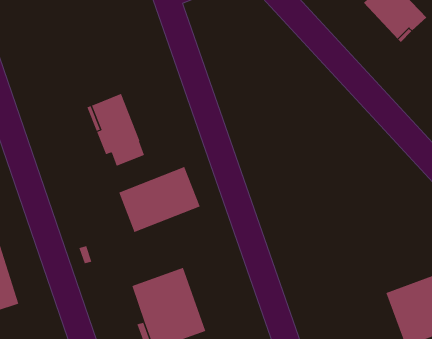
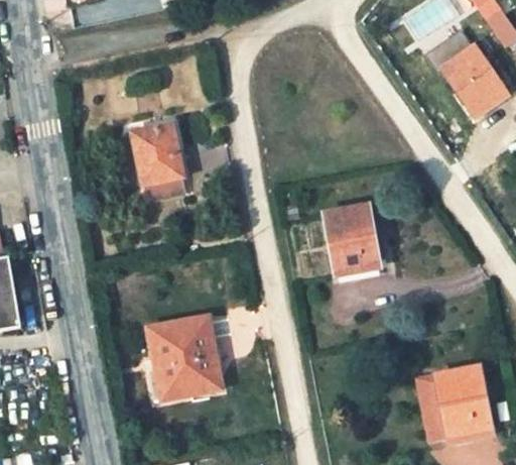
building: none -> [326,205,377,273]
building: [118,166,200,233] -> none

